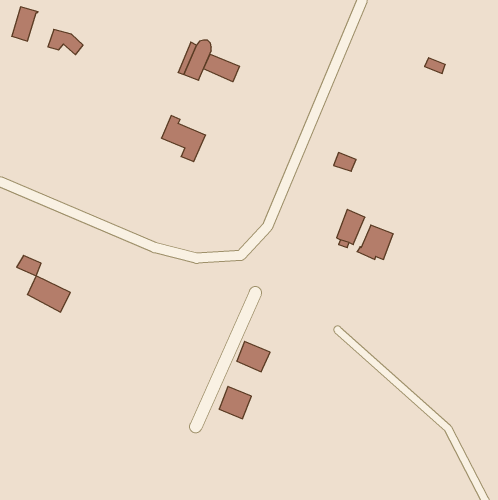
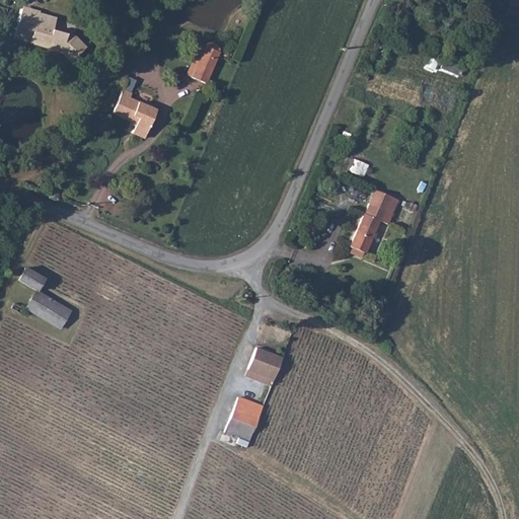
building: none -> [30,13,58,49]
building: [204,54,240,82] -> none
building: [161,116,206,162] -> [113,90,158,138]
building: [357,225,393,259] -> [362,190,399,225]

